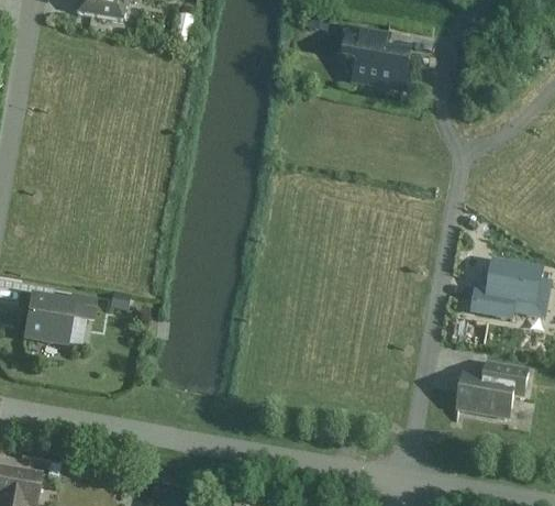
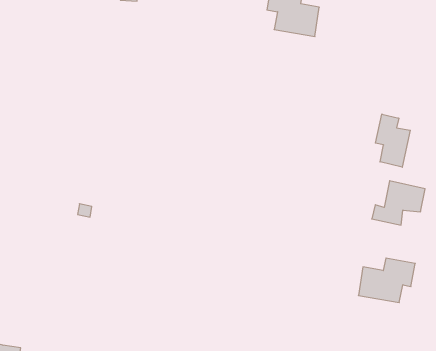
building: none -> [375,114,410,167]
building: [24,294,93,342] -> none

